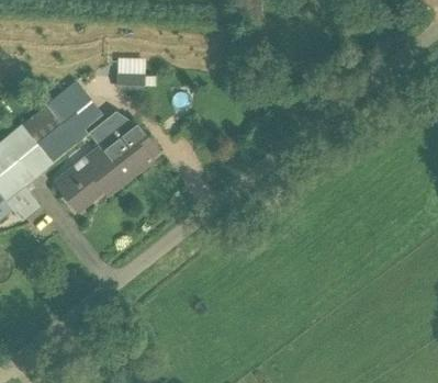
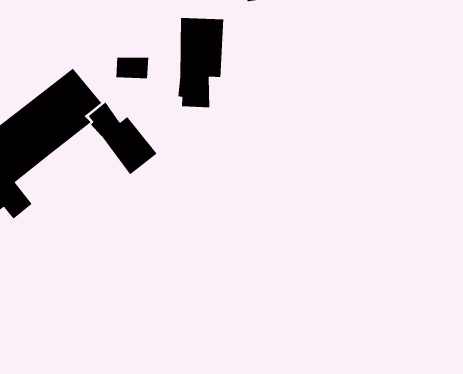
building: none -> [178,17,224,108]
building: [55,145,128,212] -> none

